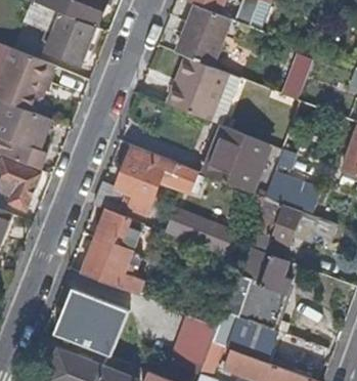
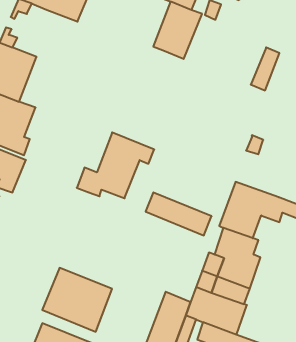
building: [45,13,95,65] -> none
building: [167,57,238,121] -> none
building: [197,124,268,193] -> none
building: [264,173,319,215] -> none
building: [82,210,141,295] -> none

